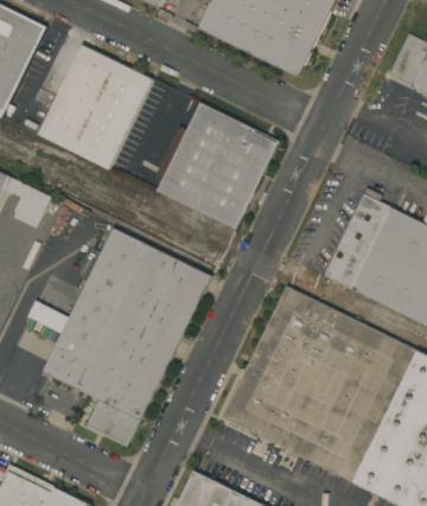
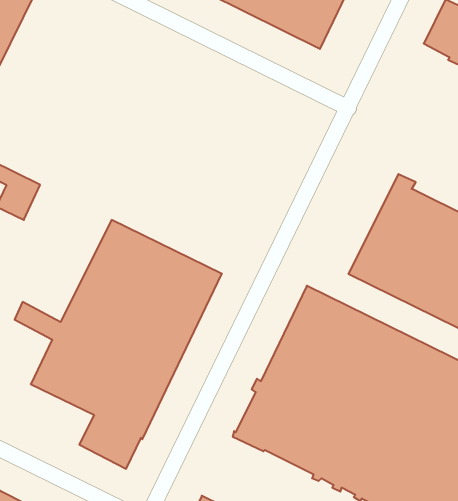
building: [38,44,153,169] -> none
building: [157,102,278,229] -> none

